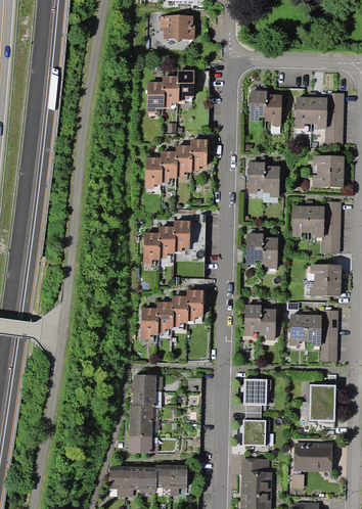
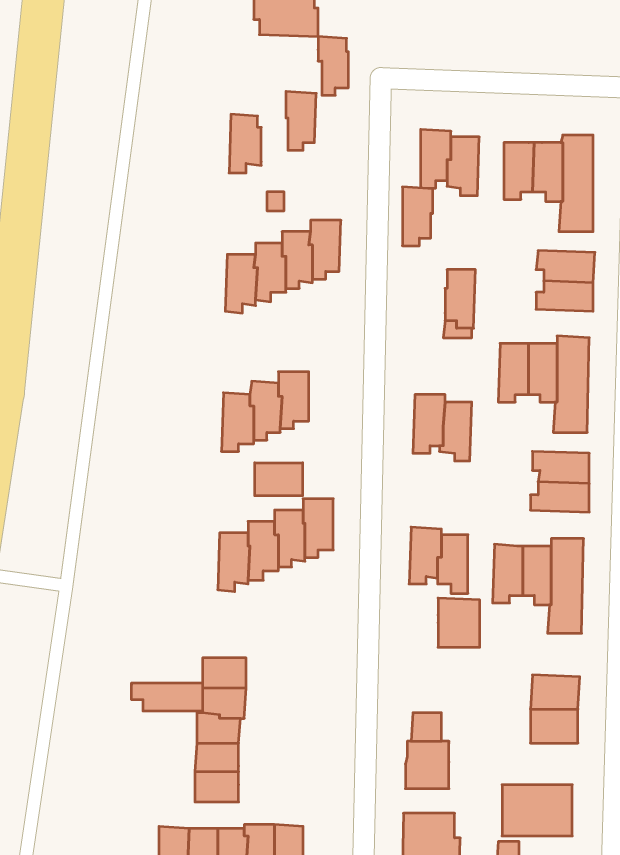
building: [162,76,178,107] -> [318,37,348,95]
building: [247,161,264,193] -> [402,187,433,246]
building: none -> [255,463,303,496]
building: [243,378,266,405] -> [438,598,480,647]
building: none -> [132,683,203,711]

